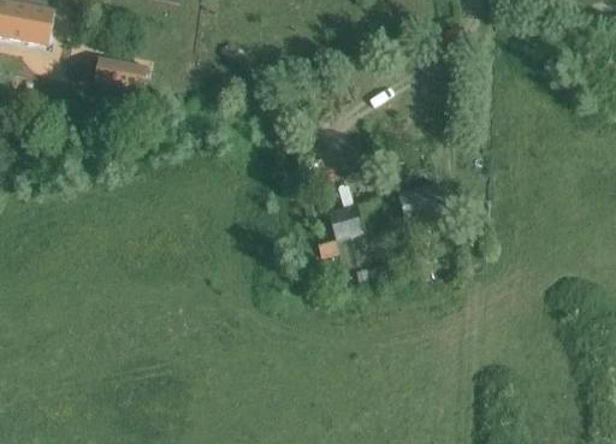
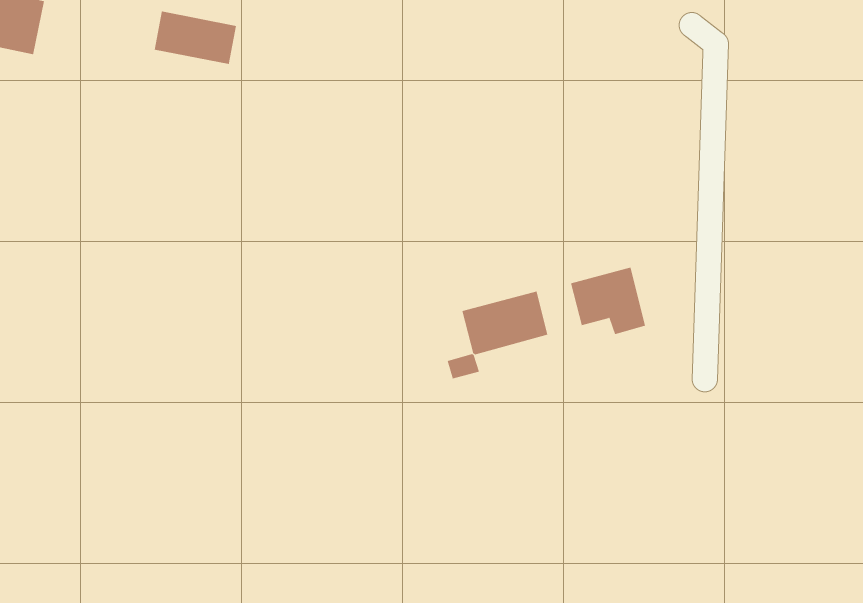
building: [93,57,147,91] -> [154,11,237,64]

